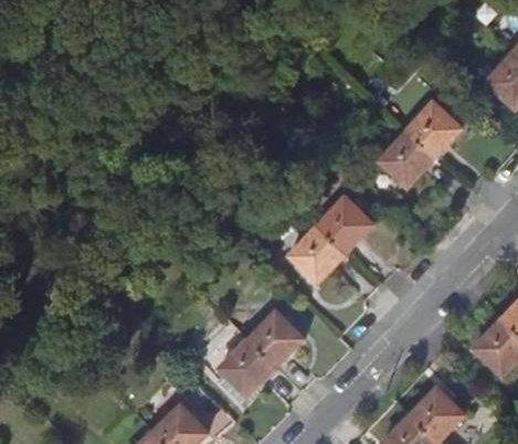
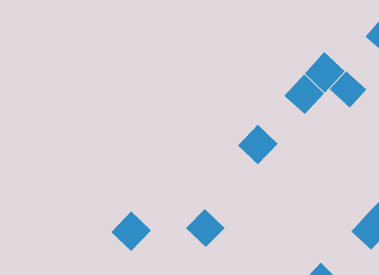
building: none -> [329,70,367,108]
building: [290,229,346,284] -> none
building: [221,339,276,394] -> [110,211,152,252]

